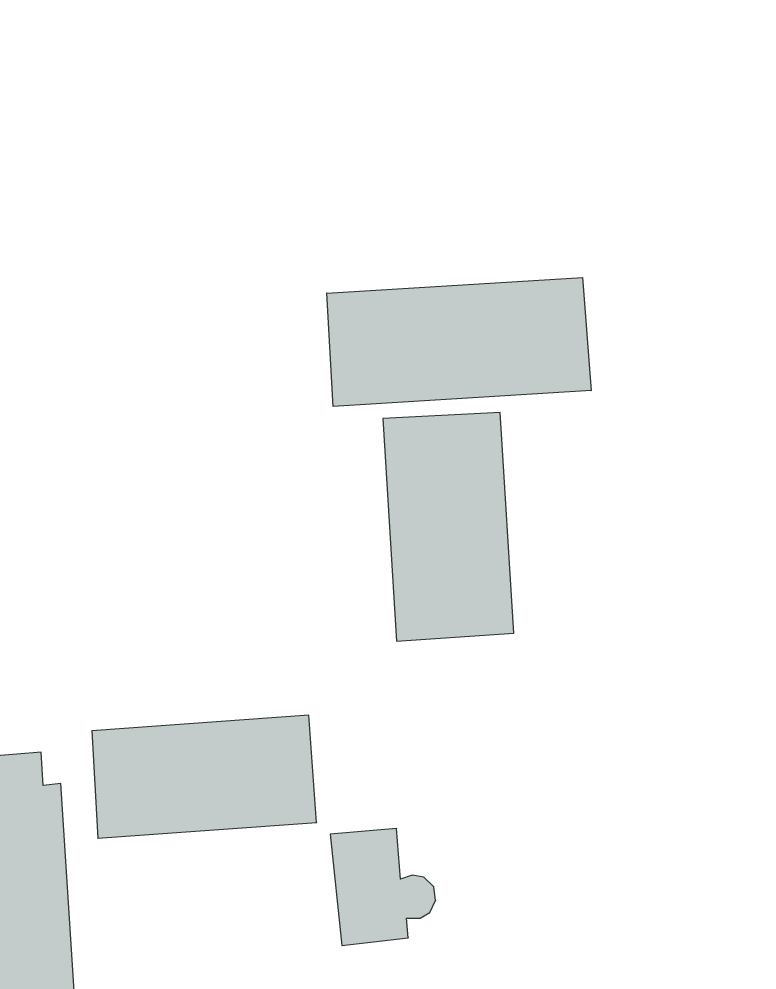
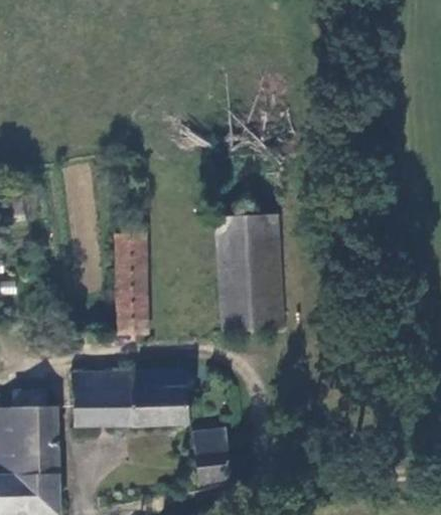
building: [327,278,591,406] -> none
building: none -> [114,229,149,333]

